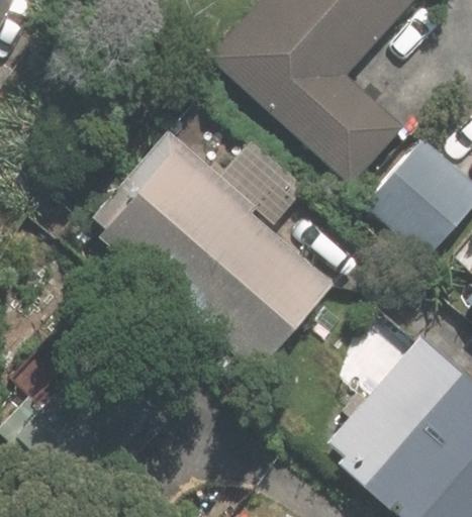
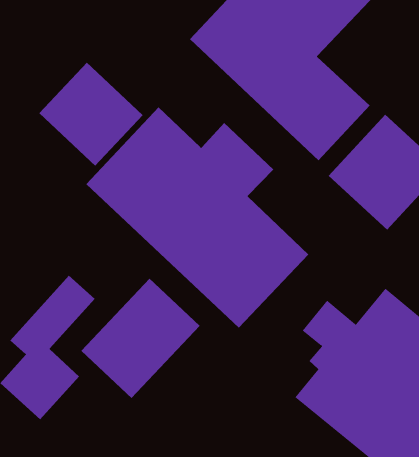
building: none -> [38,62,144,166]
building: none -> [80,278,201,399]

